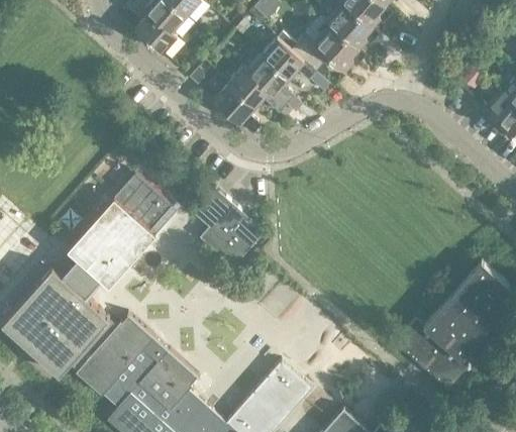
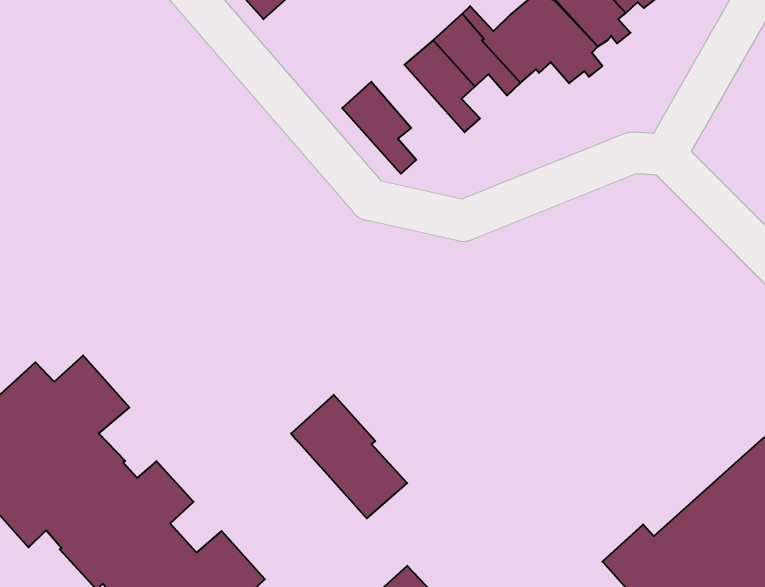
building: [228,66,286,113] -> none
building: [68,173,178,287] -> none
building: [191,188,262,257] -> [291,395,407,518]

